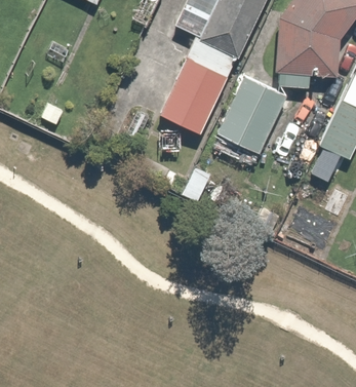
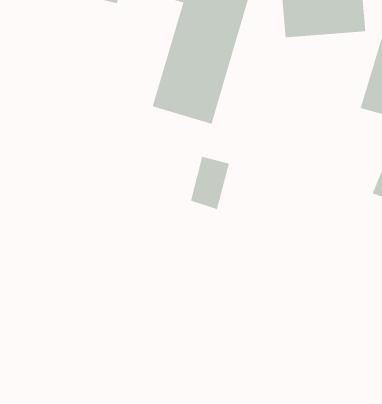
building: [213,71,287,153] -> none

